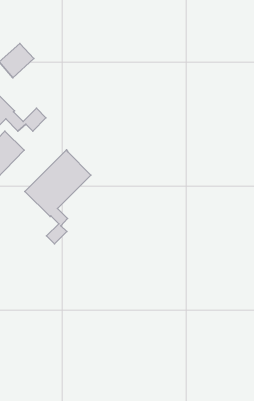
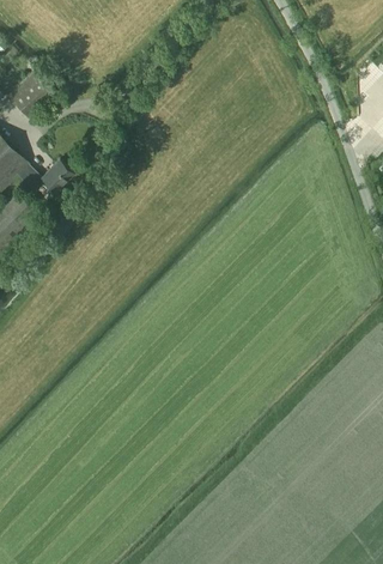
building: [25,150,91,244] -> none

